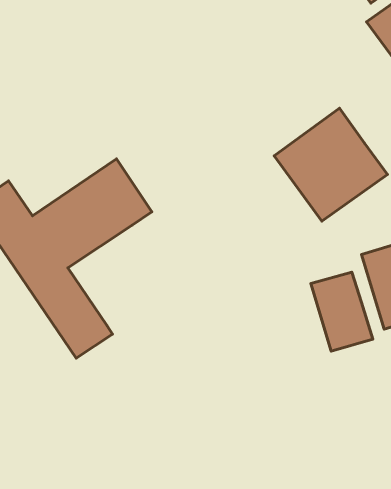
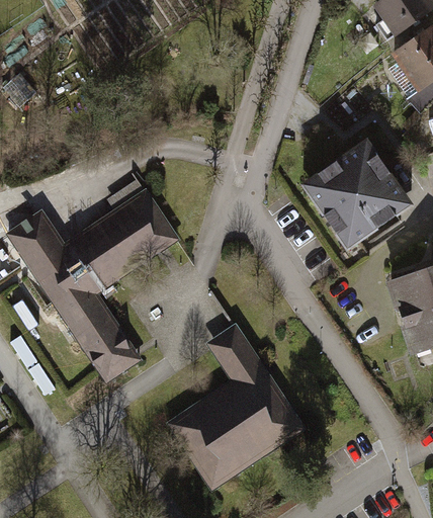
building: [311,272,373,351] -> none
building: none -> [165,322,307,491]

